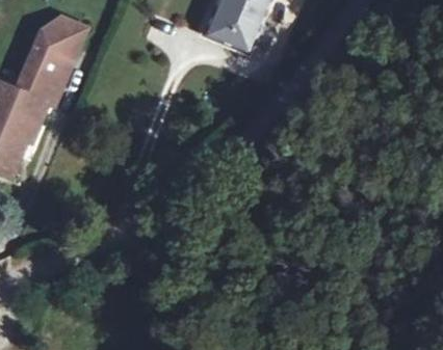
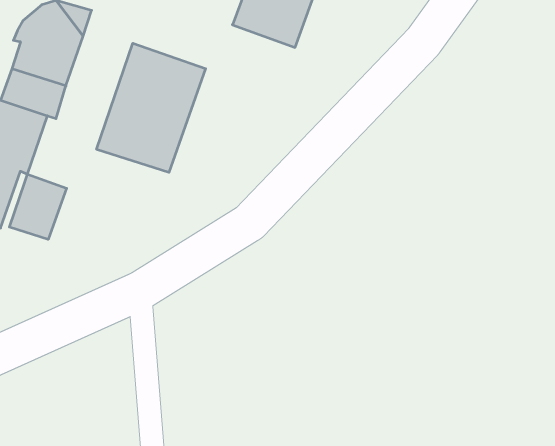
building: none -> [97,43,206,172]
building: none -> [9,174,67,239]

